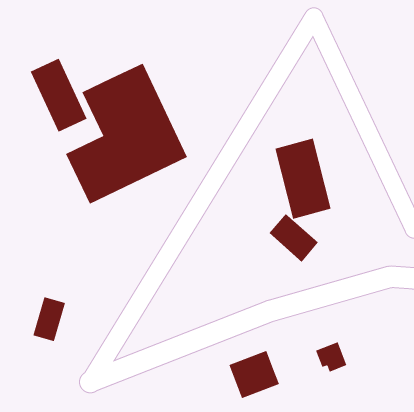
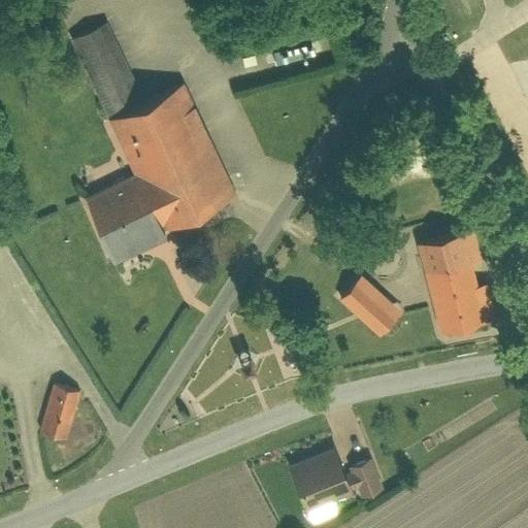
building: [30,58,88,133] -> [67,27,140,122]
building: [274,138,331,219] -> [422,231,494,334]
building: [315,341,347,372] -> [346,459,387,498]

